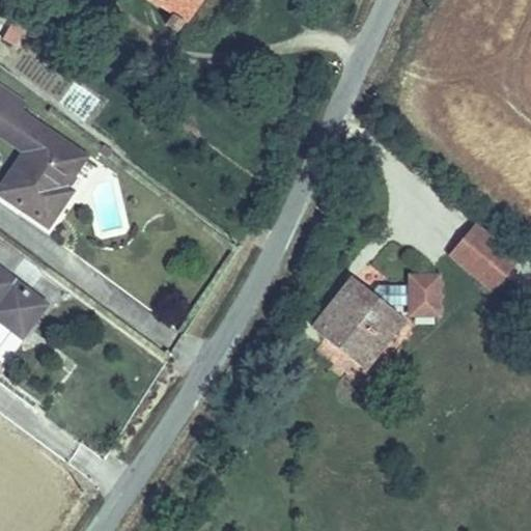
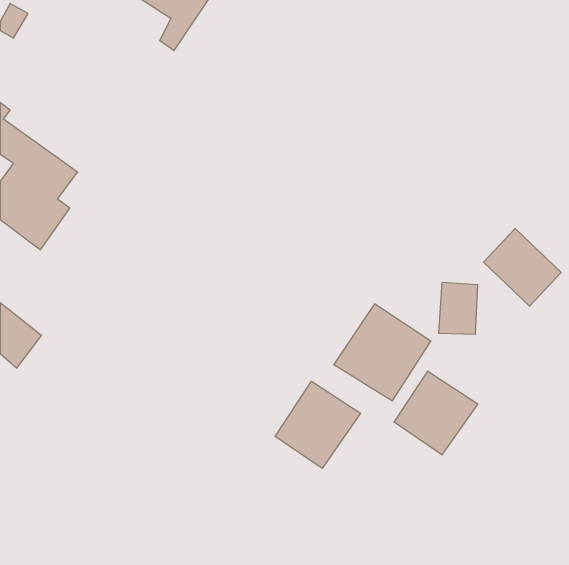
building: none -> [394,371,478,455]
building: none -> [275,381,361,468]

